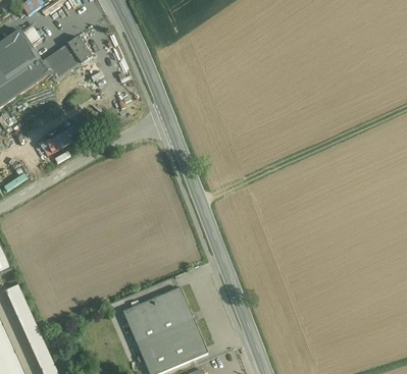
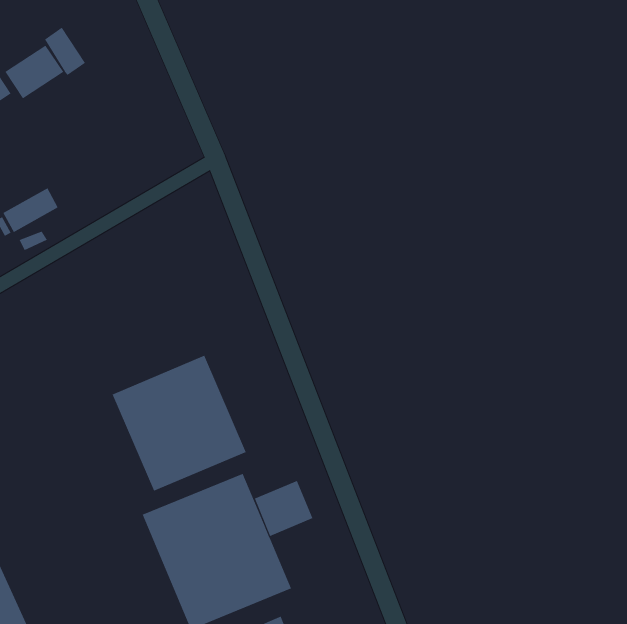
building: none -> [112,355,247,491]
building: none -> [254,480,313,537]

